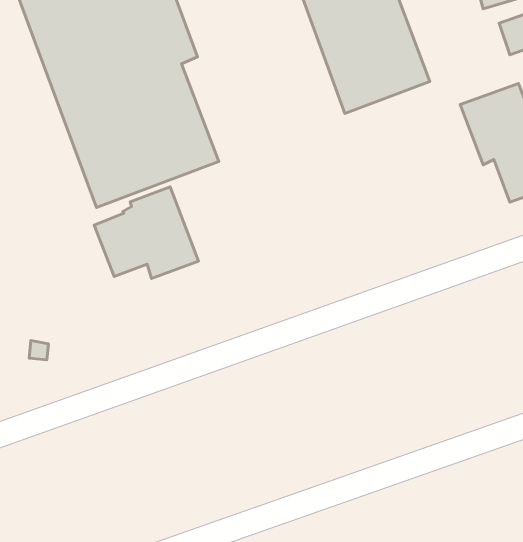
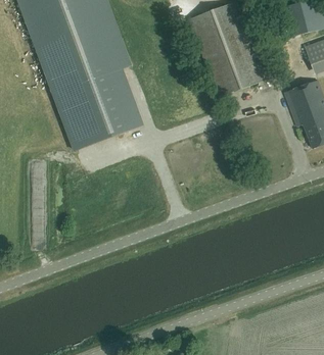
building: [94,187,199,279] -> none

